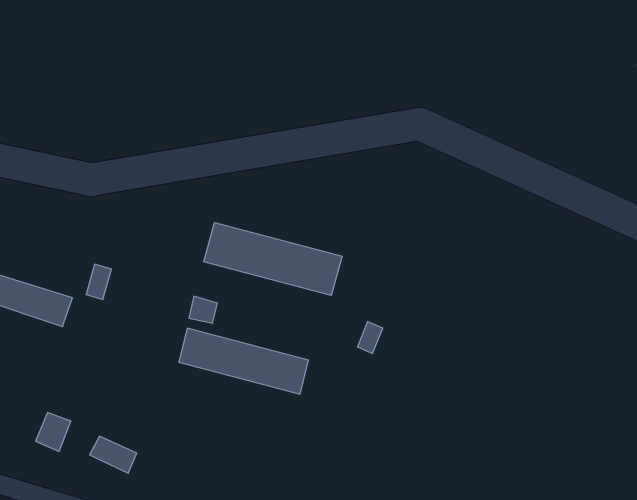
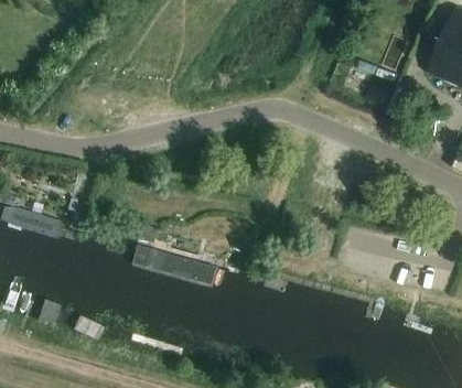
building: [204,223,342,295] -> none

